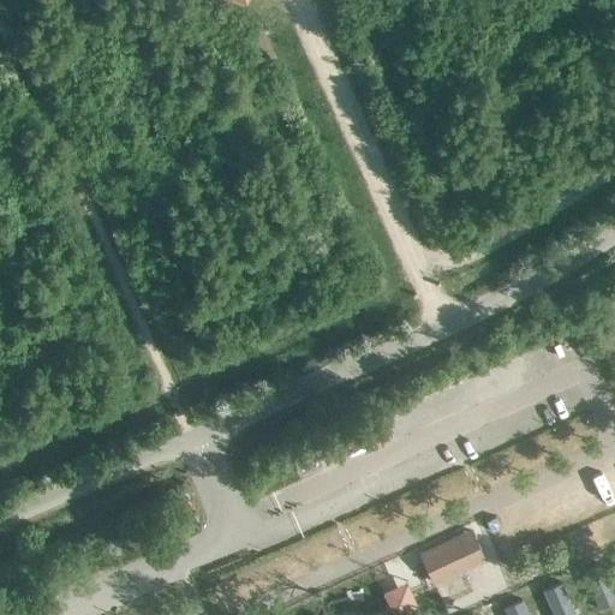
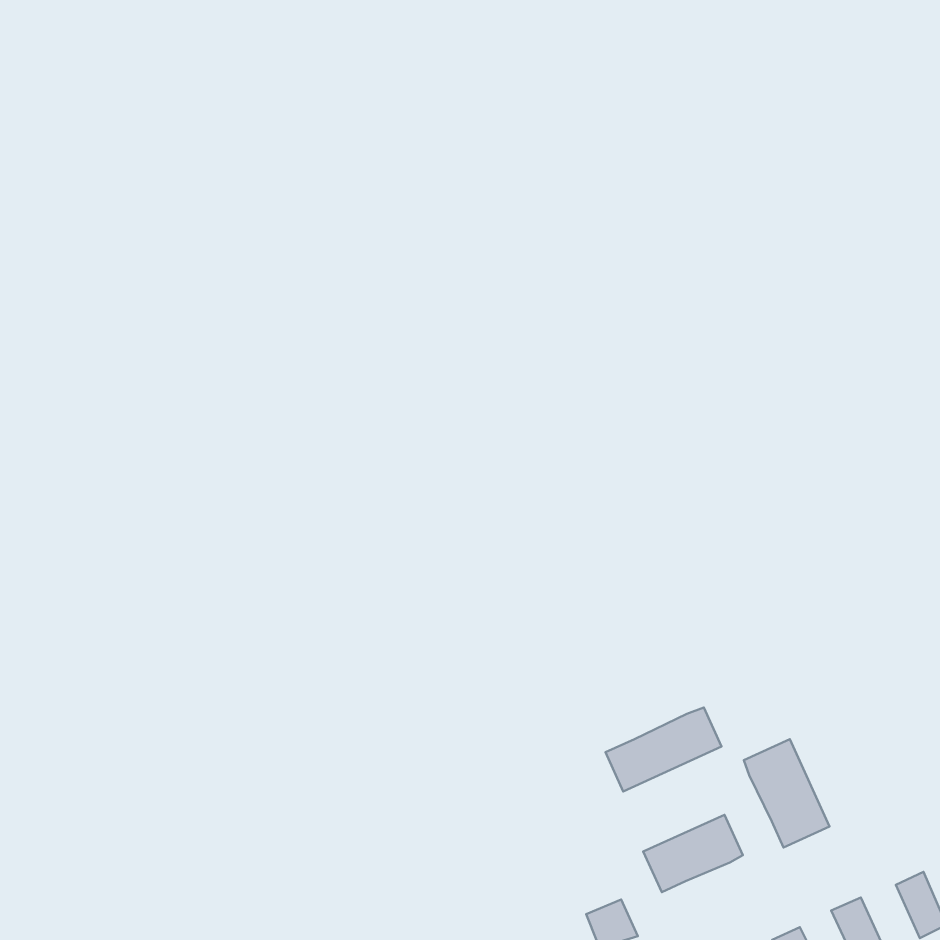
building: none -> [605,708,722,791]
building: none -> [744,739,829,847]

